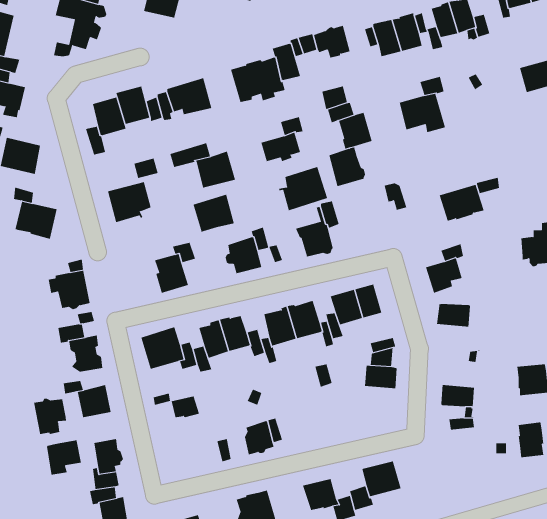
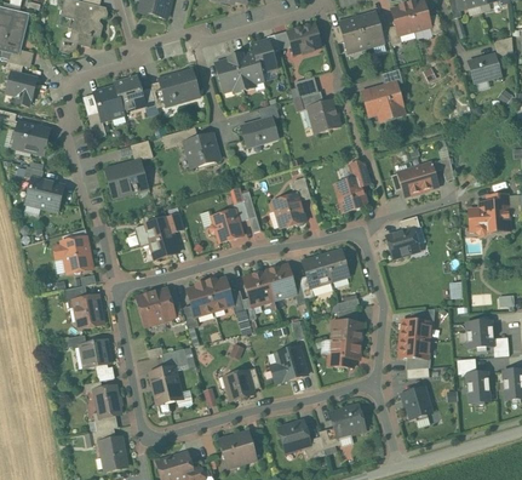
building: [328,147,366,187] -> [334,177,367,212]
building: [279,166,328,211] -> none
building: [193,194,234,233] -> none
building: [436,304,471,327] -> [400,320,430,341]
building: none -> [327,339,360,366]
building: none -> [270,347,306,382]
building: [33,398,66,435] -> none
building: none -> [149,366,180,404]
building: [46,440,82,475] -> none
building: none -> [402,387,431,421]

